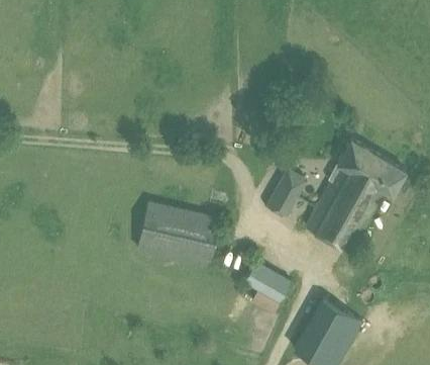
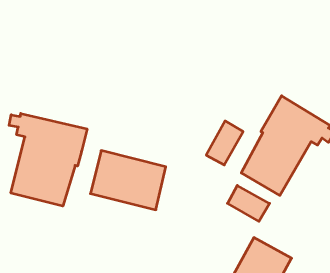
building: none -> [9,113,87,206]
building: [242,262,290,302] -> [227,185,270,221]

